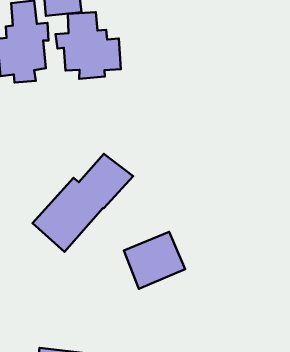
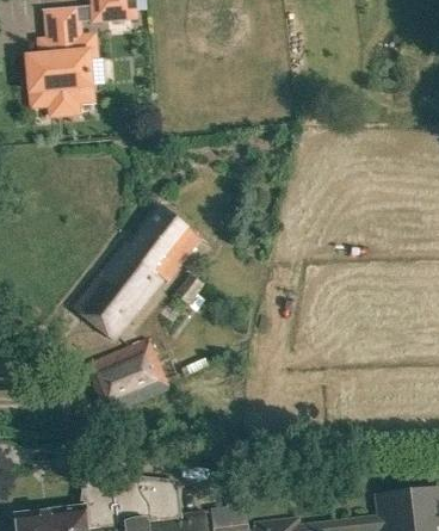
building: [56,12,121,79] -> none
building: [124,232,185,289] -> [85,338,167,414]

